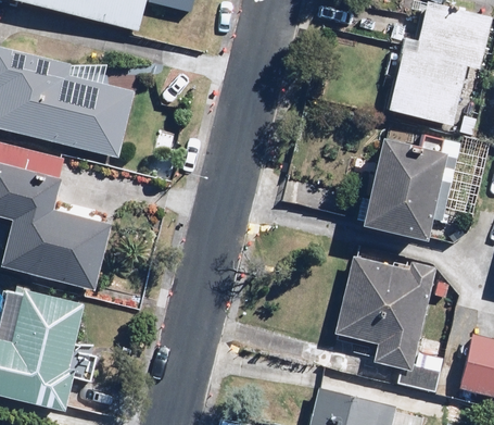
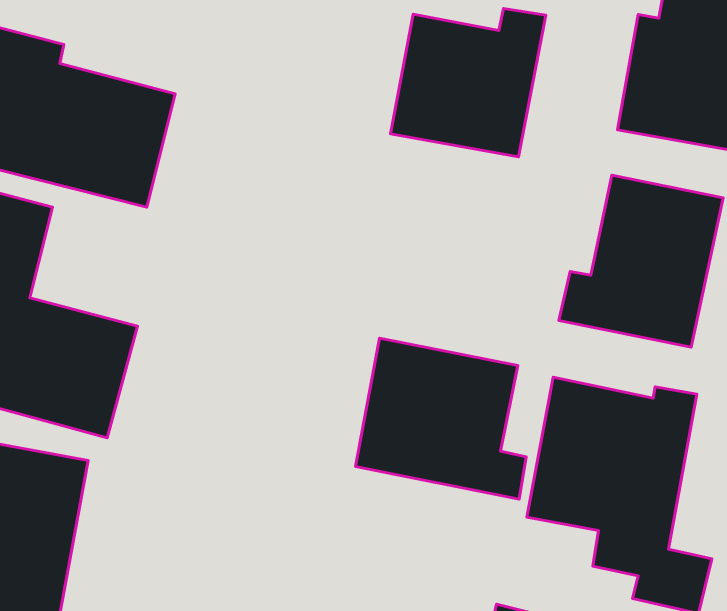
building: none -> [391,8,546,157]
building: none -> [355,338,526,499]

